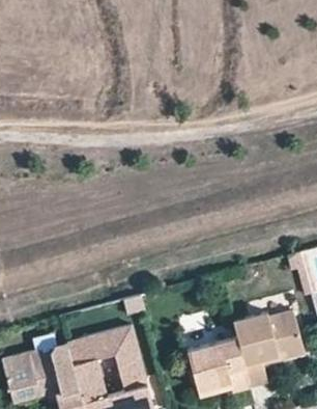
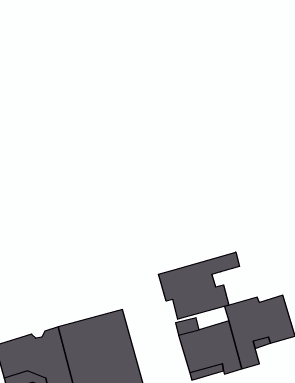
building: none -> [159,252,240,319]

